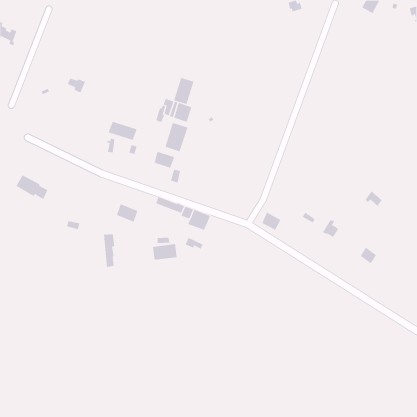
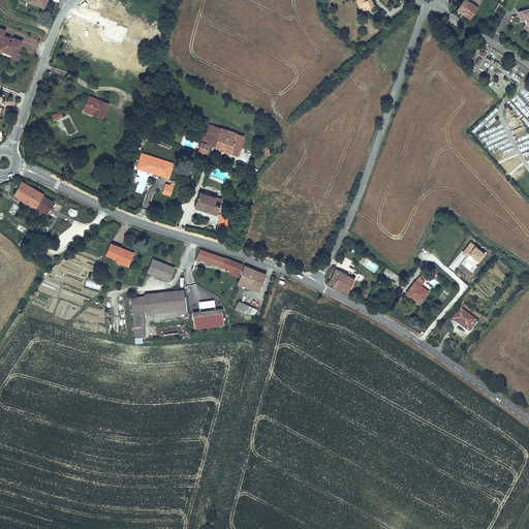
building: [173,77,194,105] -> none
building: [165,122,188,152] -> none
building: [16,174,48,200] -> [12,183,54,215]
building: none -> [105,243,134,268]
building: none -> [144,289,186,315]

